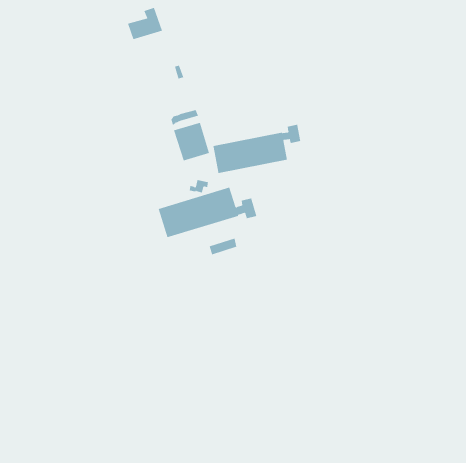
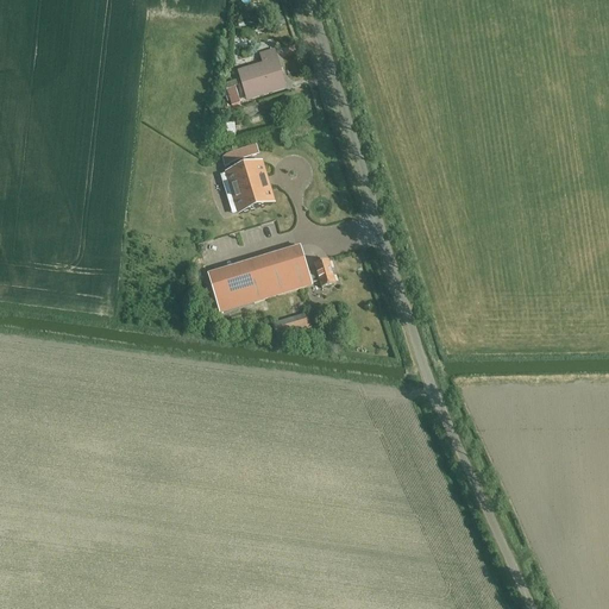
building: [127,7,163,40] -> [238,48,284,90]
building: [213,124,301,174] -> none

